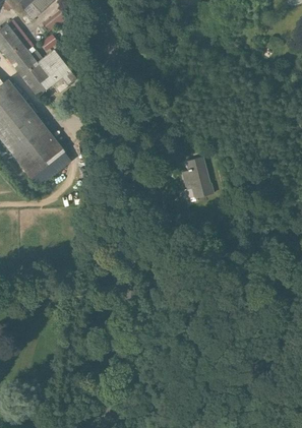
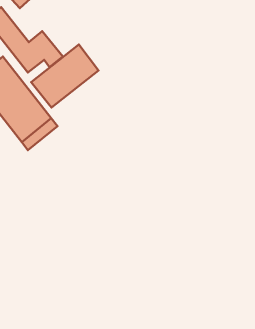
building: none -> [31,45,99,108]
building: [180,158,213,198] -> none

